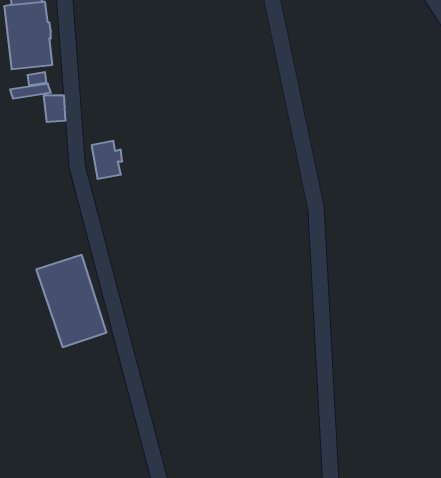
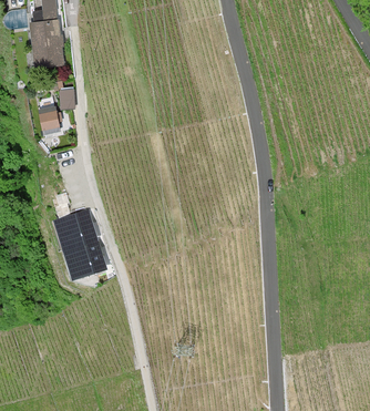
building: [92,141,122,179] -> [38,105,61,134]

